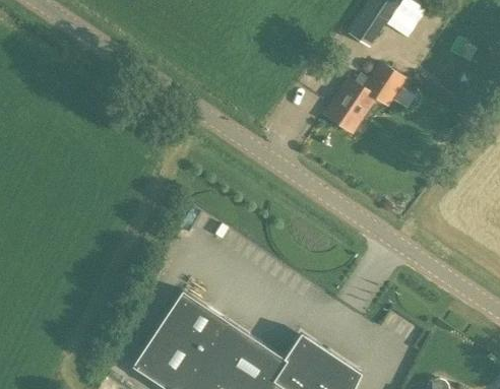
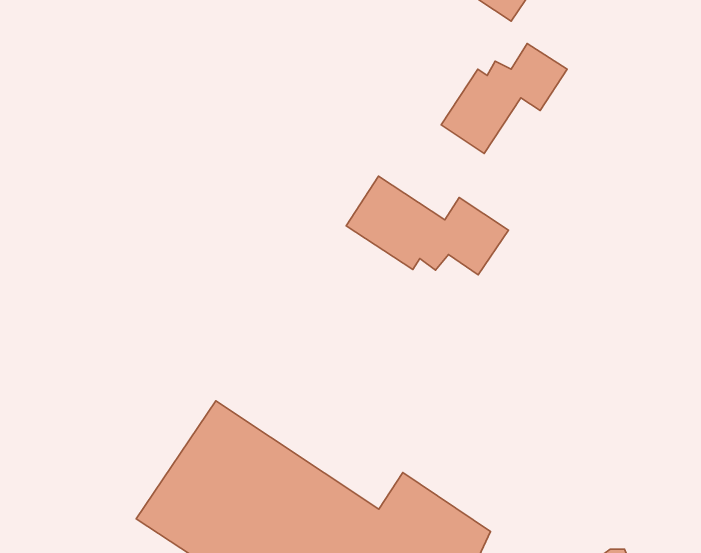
building: none -> [346,176,508,275]

